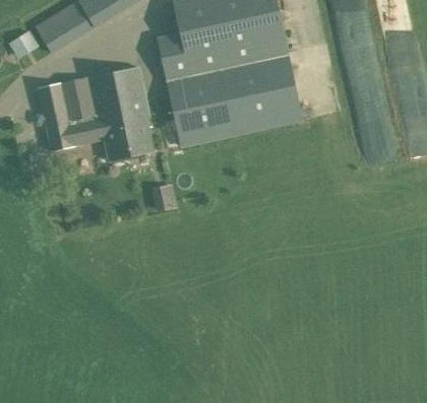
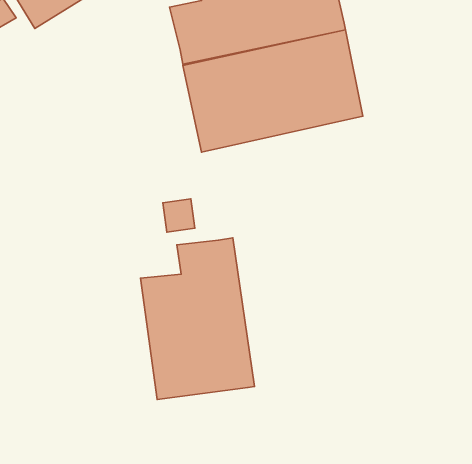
building: [38,67,155,161] -> none
building: none -> [141,238,254,399]

